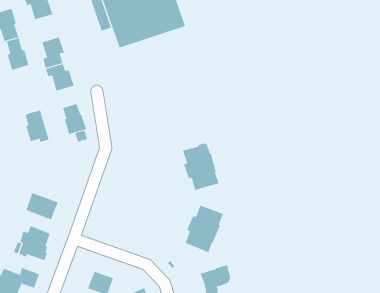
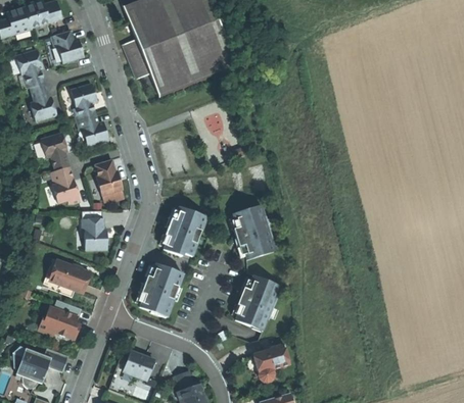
building: none -> [41,133,69,170]
building: none -> [164,207,206,256]
building: none -> [82,210,107,250]
building: none -> [139,263,183,317]

